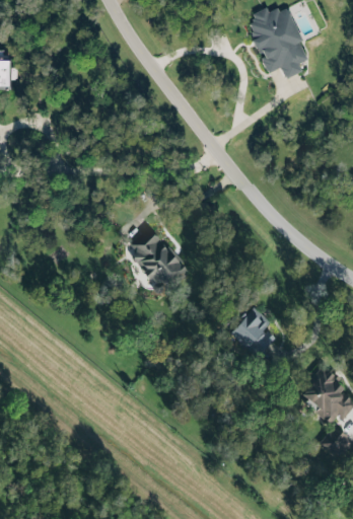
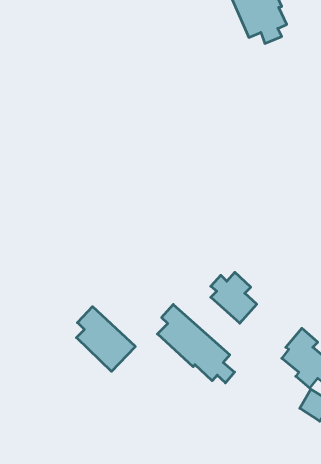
building: [132,231,192,297] -> [76,307,135,371]
building: none -> [157,304,235,383]

